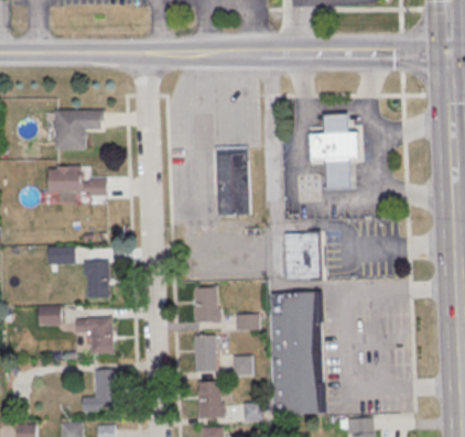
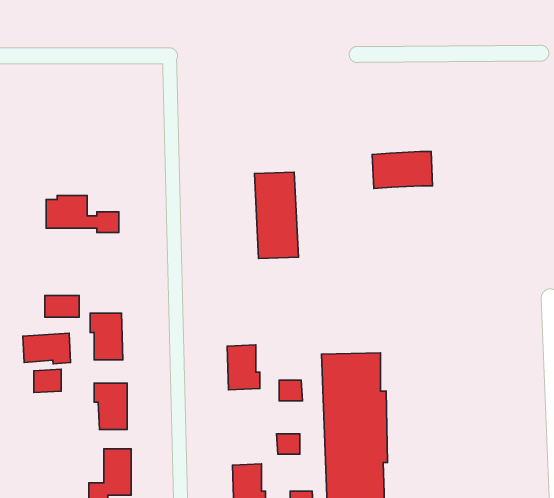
building: [54,110,104,149] -> none
building: [323,112,348,132] -> none
building: [325,159,350,189] -> none
building: [284,233,322,280] -> none
building: none -> [23,333,71,364]
building: [194,336,216,372] -> none

